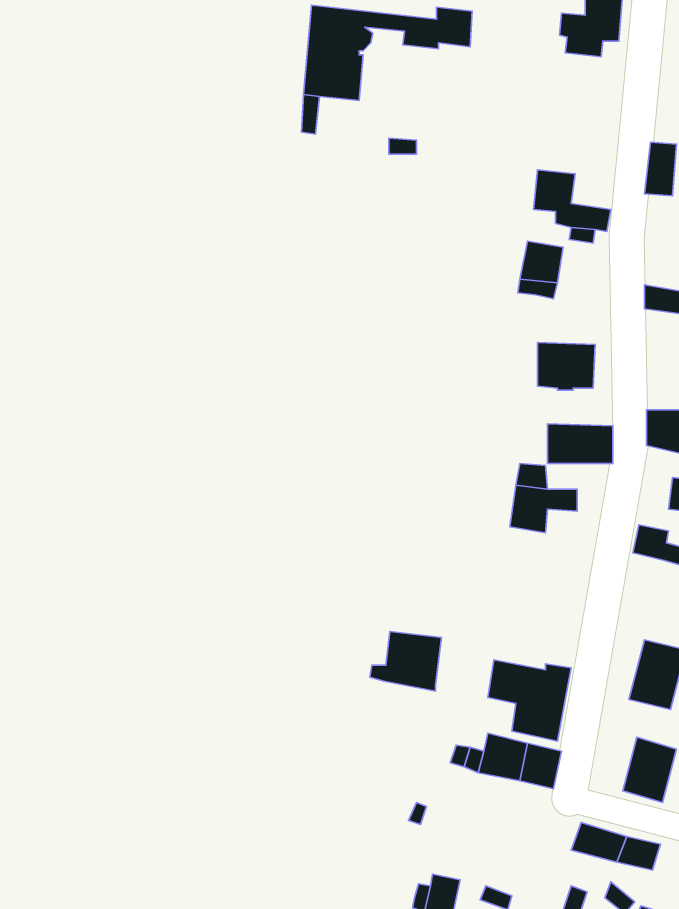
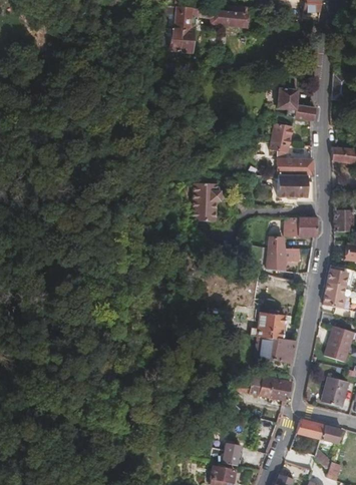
building: none -> [279,159,314,175]
building: none -> [193,183,223,224]
building: none -> [324,282,344,307]
building: [370,632,441,691] -> [251,311,287,341]

